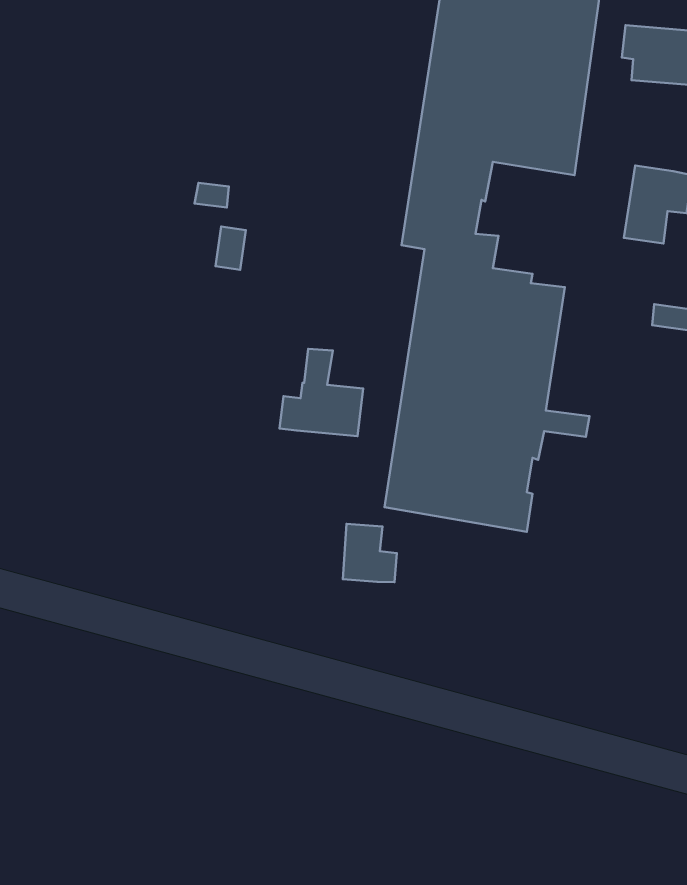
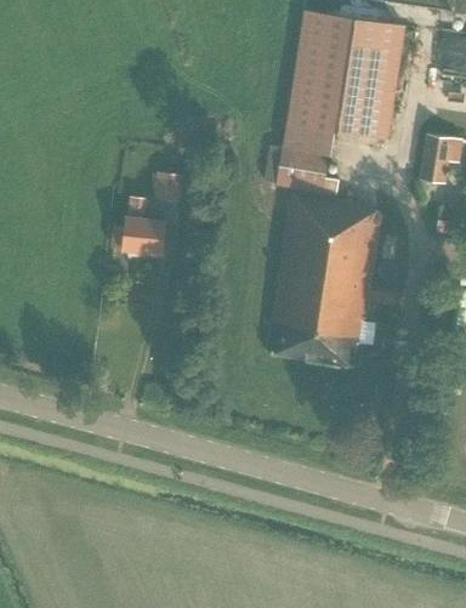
building: [280,349,363,436] -> [113,195,166,251]
building: [343,524,397,582] -> none

